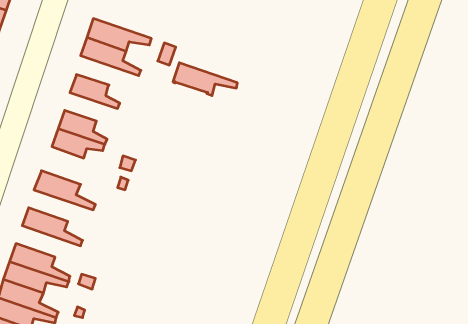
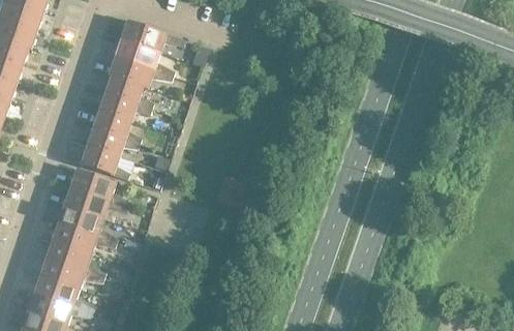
building: [173,63,237,96] -> [109,56,172,88]
building: none -> [99,92,151,120]
building: none -> [81,145,128,179]
building: none -> [64,187,127,218]
building: none -> [52,222,115,253]

